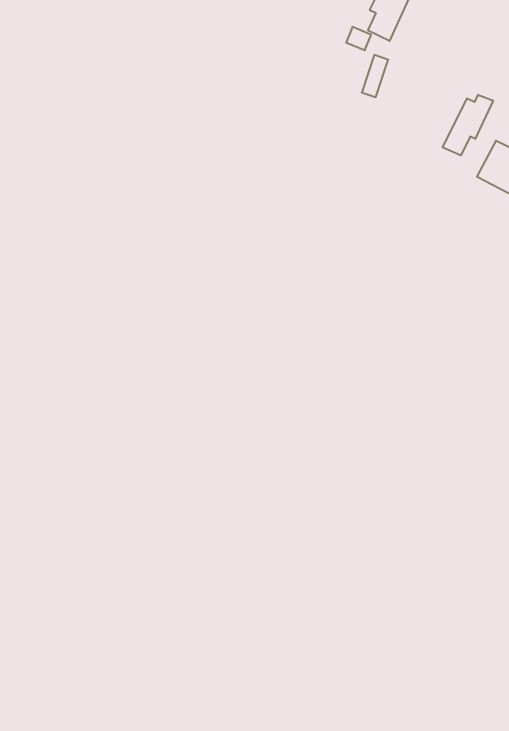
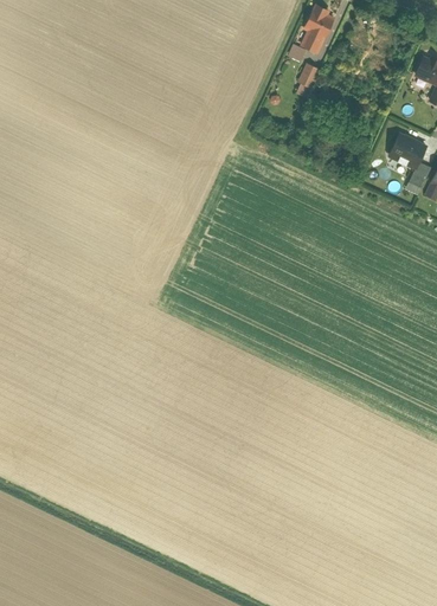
building: [443,95,493,155] -> none

